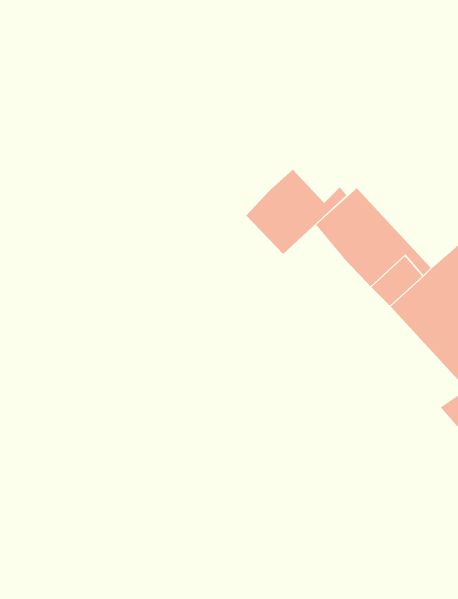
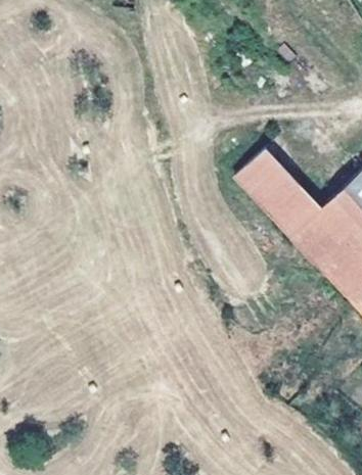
building: [245,169,347,255] -> none

